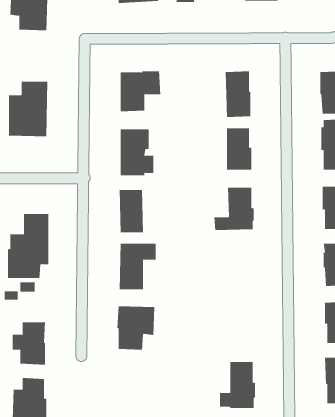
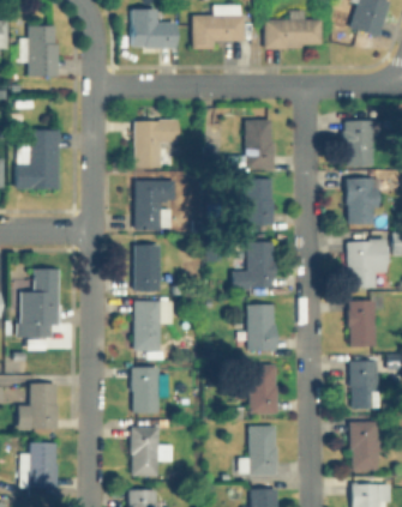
building: none -> [246,304,275,350]
building: none -> [248,364,277,415]
building: none -> [132,429,174,476]

